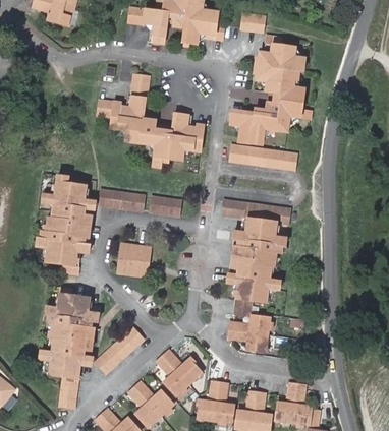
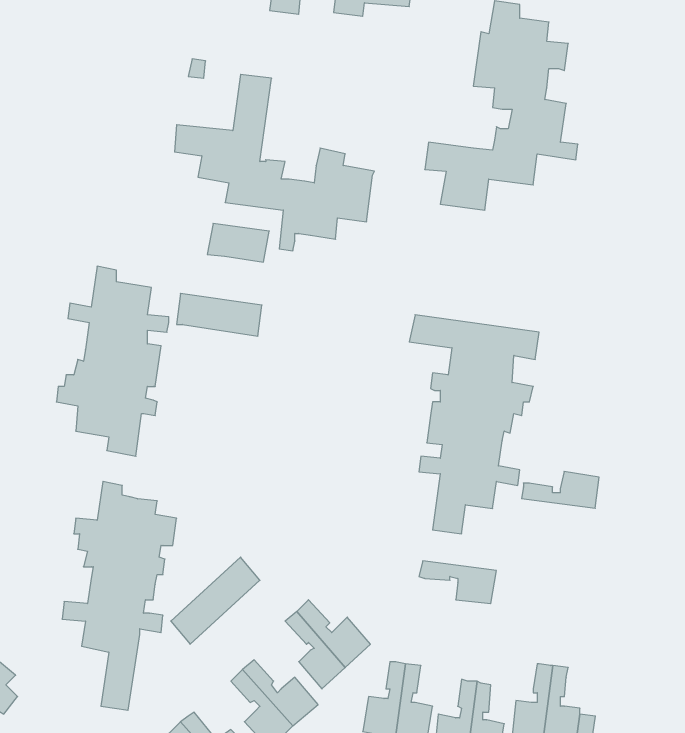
building: [229,144,296,170] -> none
building: [150,196,182,217] -> [207,223,269,262]
building: [118,243,152,276] -> none
building: [229,315,270,334] -> [522,471,599,508]

